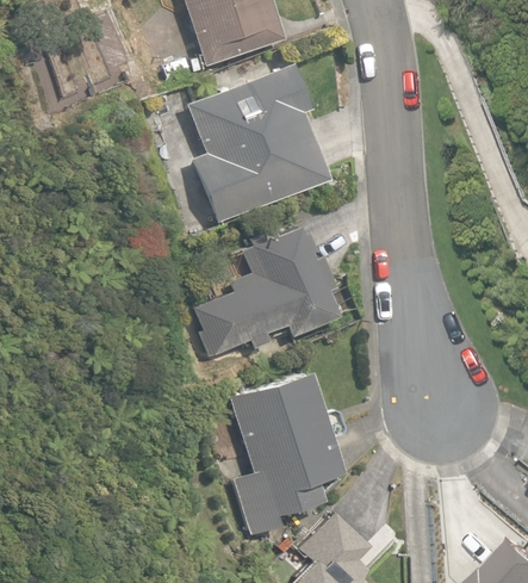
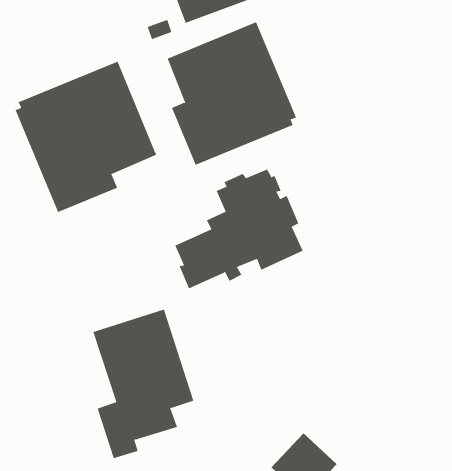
building: none -> [15,61,157,213]
building: [231,372,342,535] -> [92,309,194,459]

